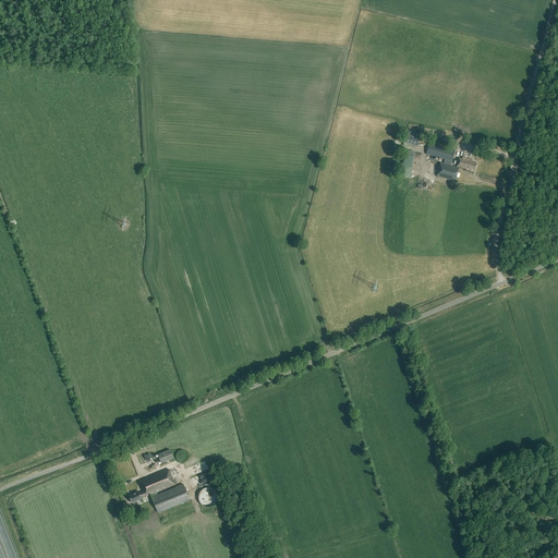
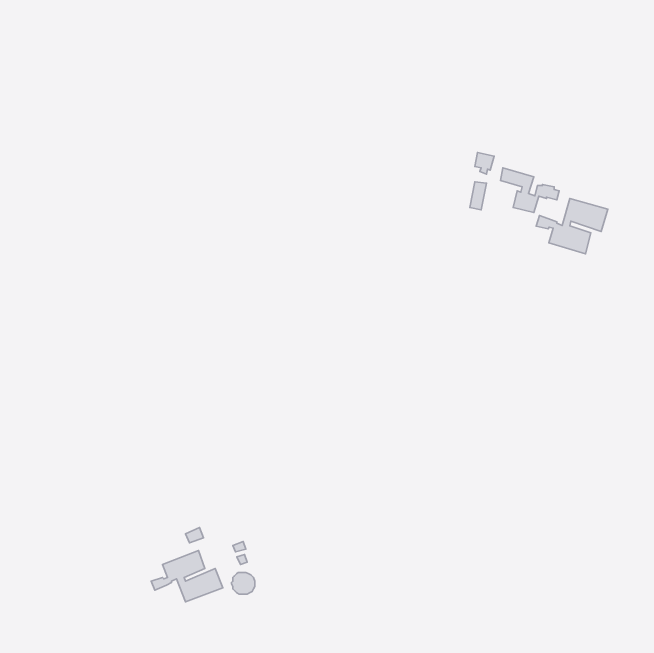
building: none -> [536,199,608,254]

